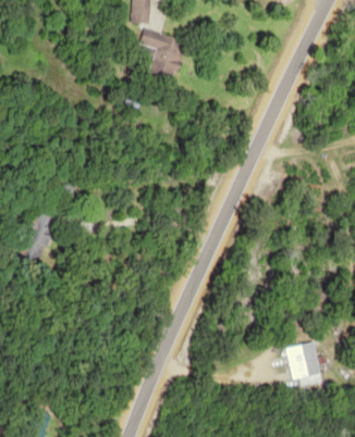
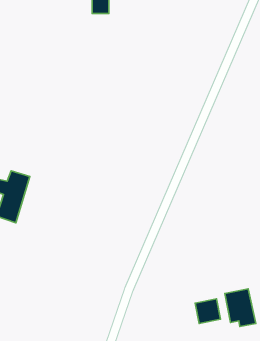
building: [137,28,186,80] -> none
building: none -> [195,299,221,323]

